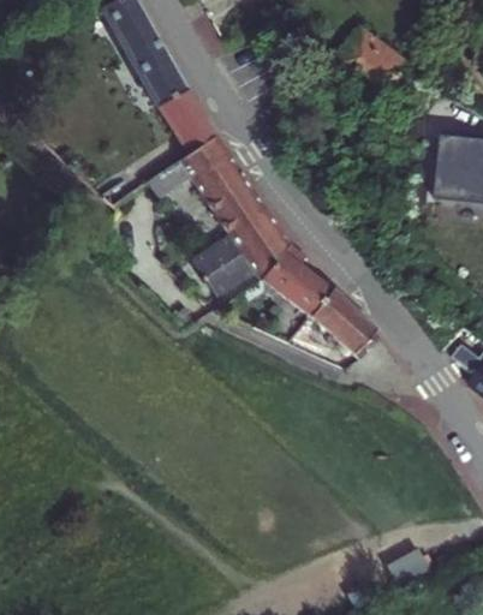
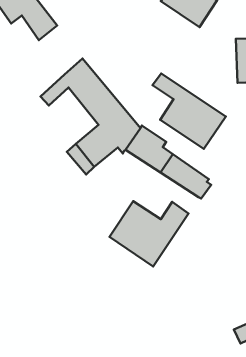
building: [157,84,217,156] -> none
building: none -> [153,73,226,149]
building: none -> [109,201,188,266]

